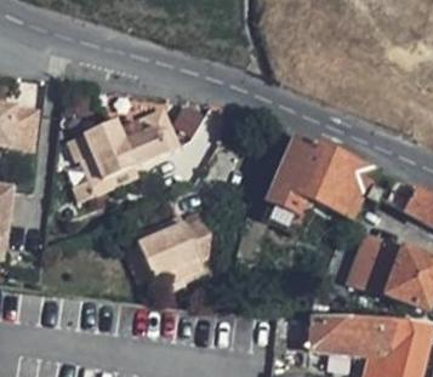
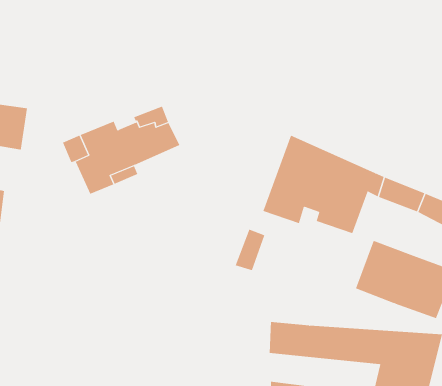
building: [135,211,215,284] -> none

